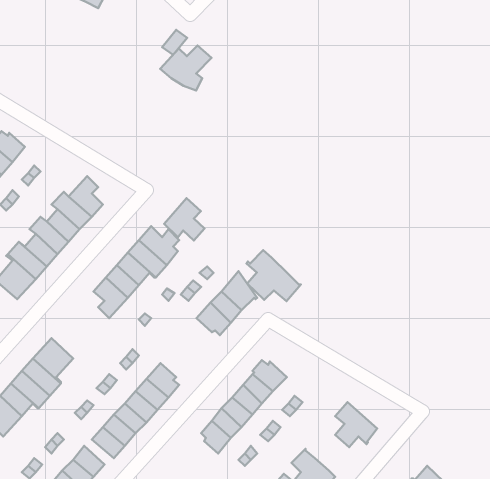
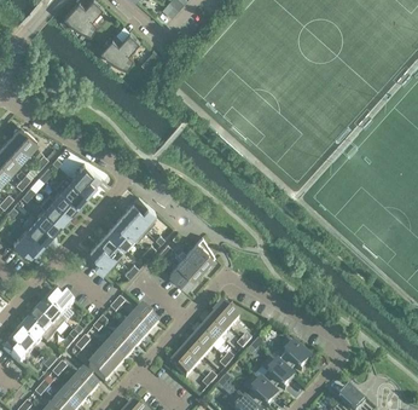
building: [160,45,212,91] -> [99,31,139,67]
building: [164,198,205,240] -> none
building: [246,250,301,301] -> none
building: none -> [251,357,291,392]

